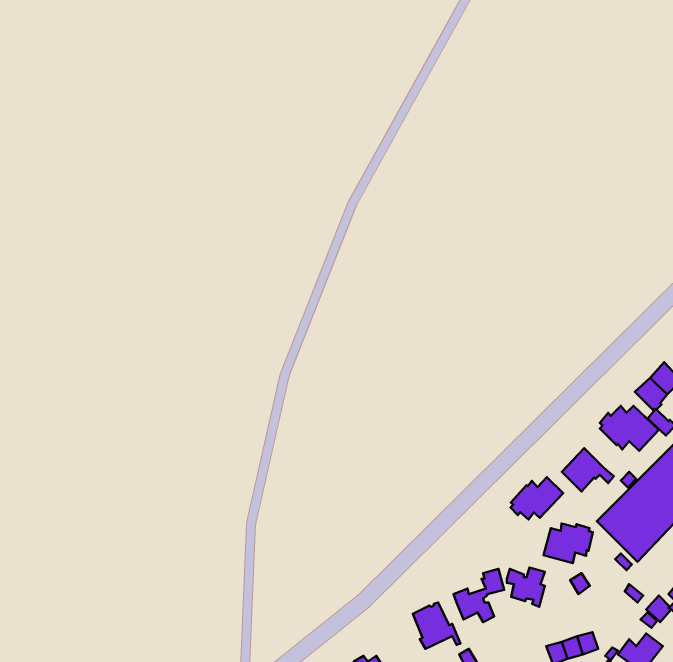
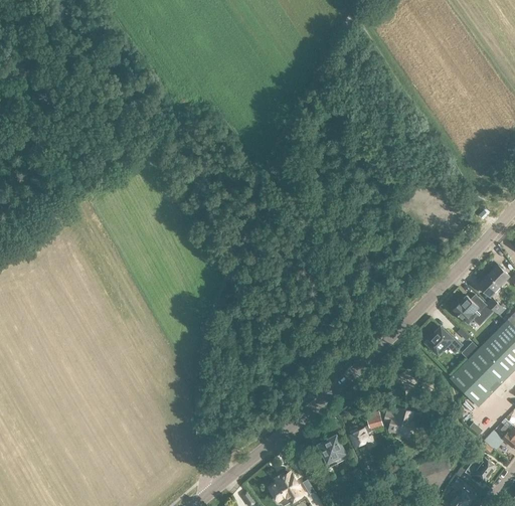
building: [511,477,563,520] -> none
building: [544,524,593,563] -> none

